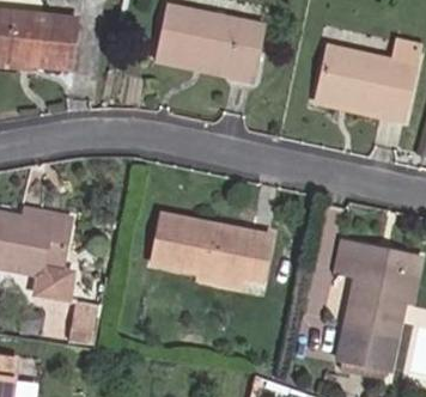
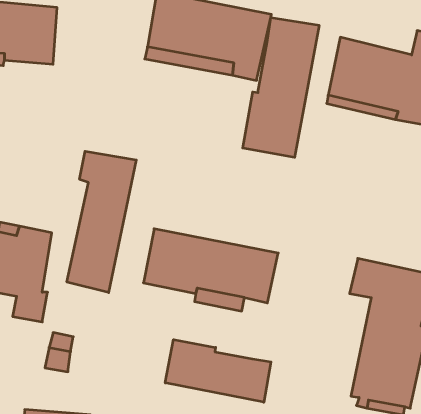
building: none -> [243,17,319,157]
building: none -> [67,151,136,293]
building: none -> [165,340,271,402]

